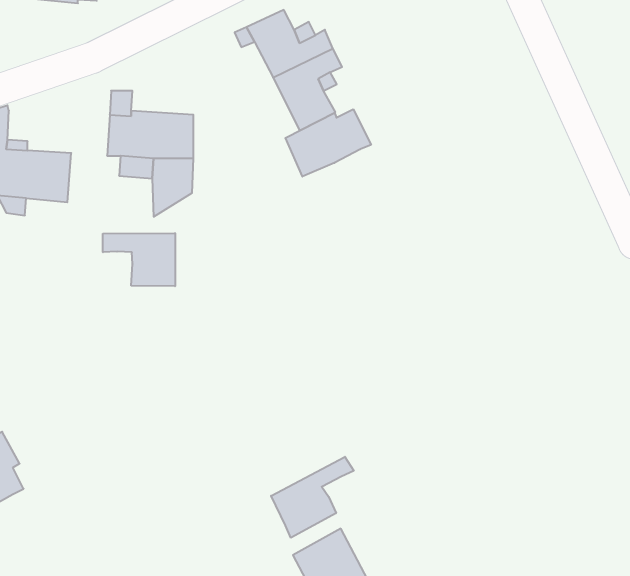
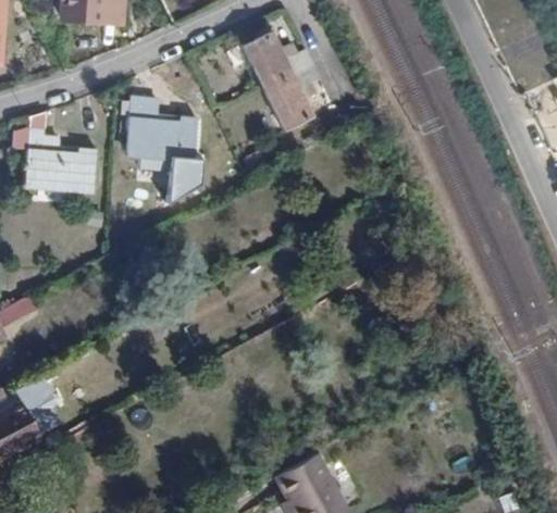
building: [285,109,371,177] -> none
building: [103,233,175,286] -> none
building: [271,457,354,538] -> none

